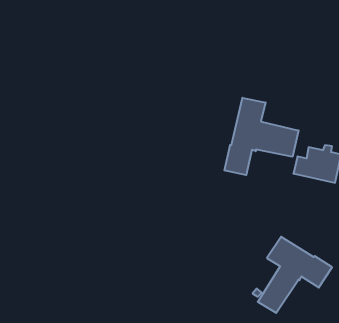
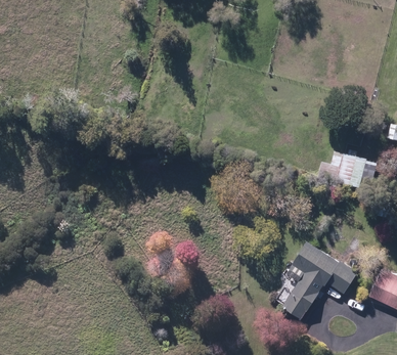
building: [224,98,299,175] -> none

